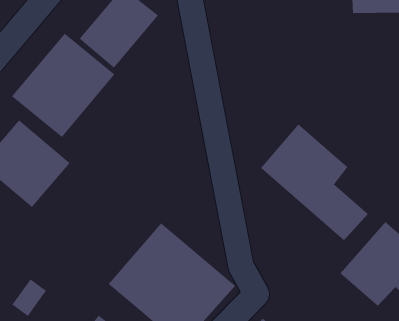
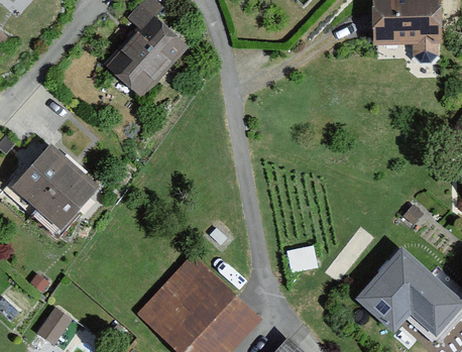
building: [11,33,115,138] -> none
building: [260,123,369,241] -> none

